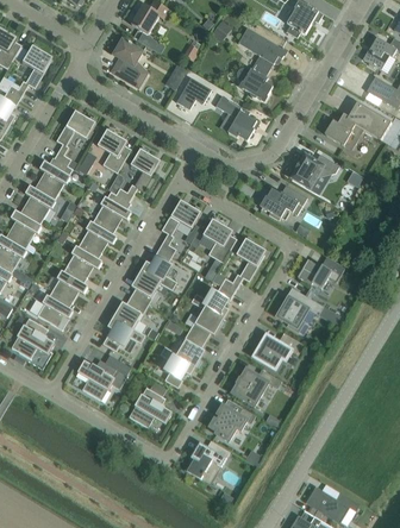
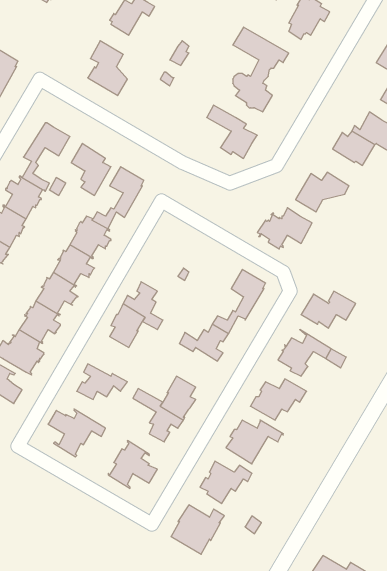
building: [175,77,211,109] -> none
building: [157,200,200,257] -> none
building: [202,219,236,281] -> none
building: [111,296,146,333] -> none
building: [188,306,224,340] -> none

